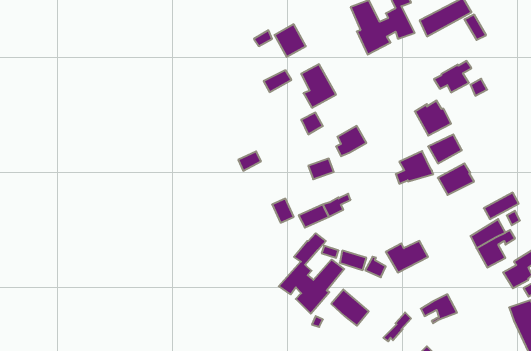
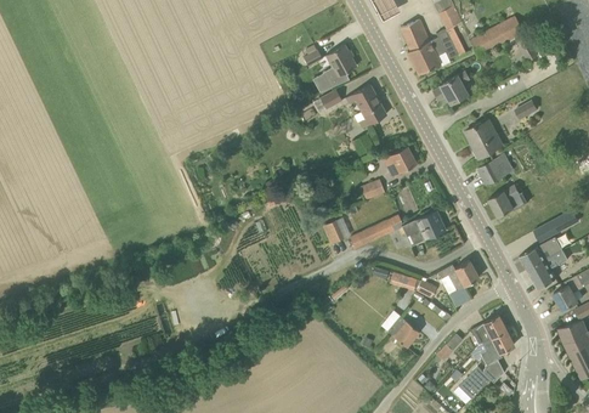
building: [434,61,471,92] -> [432,72,470,103]
building: [396,151,433,184] -> [409,211,447,244]
building: [279,233,344,314] -> none
building: none -> [480,334,514,366]

